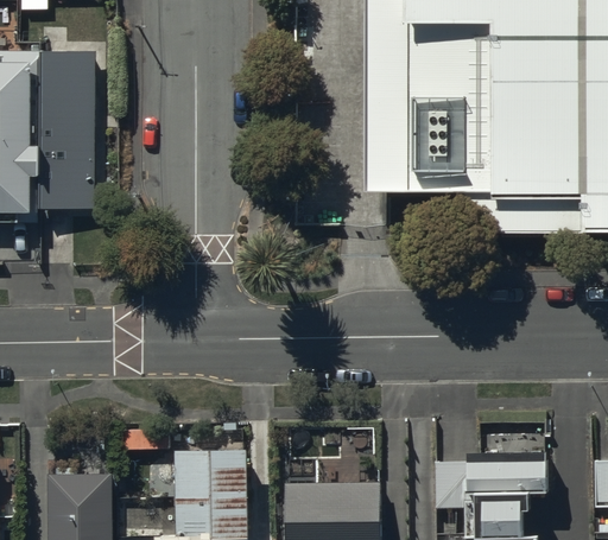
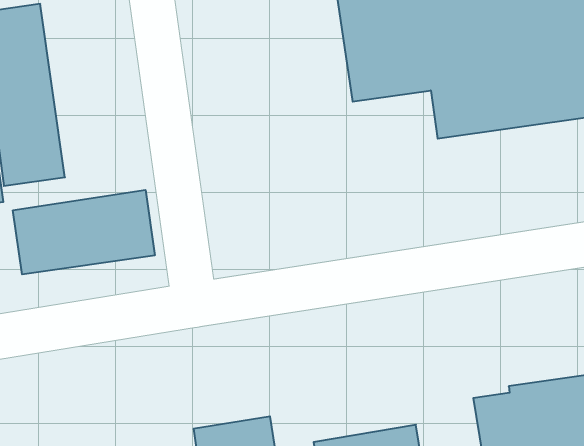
building: none -> [13,190,155,274]

